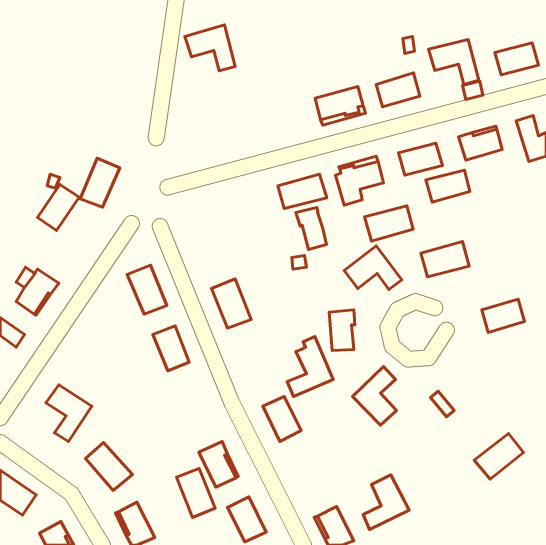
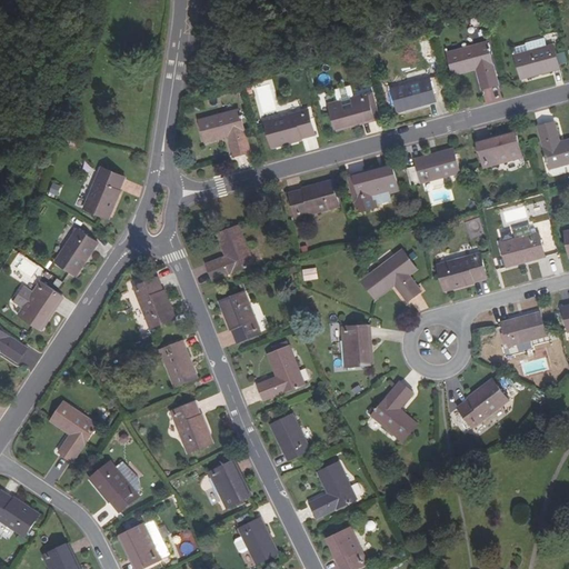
building: [185,25,235,71] -> [198,107,250,154]
building: none -> [264,108,315,144]
building: [426,170,470,202] -> [499,231,545,264]
building: [37,184,79,230] -> [54,227,98,274]
building: [364,206,413,241] -> none
building: [296,207,326,250] -> none
building: none -> [207,224,254,279]
building: [287,337,333,396] -> [253,338,301,400]
building: [474,433,523,479] -> [458,378,509,426]
building: [177,468,215,518] -> [171,401,211,452]
building: [363,475,409,529] -> [309,461,357,518]

